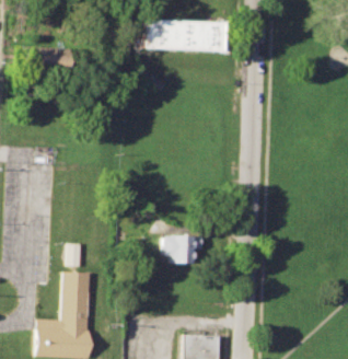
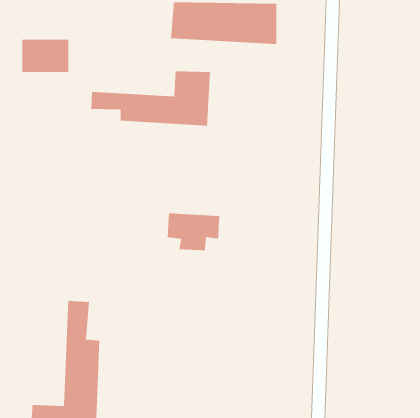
building: none -> [91,70,211,126]
building: [163,234,202,263] -> [167,213,220,251]

